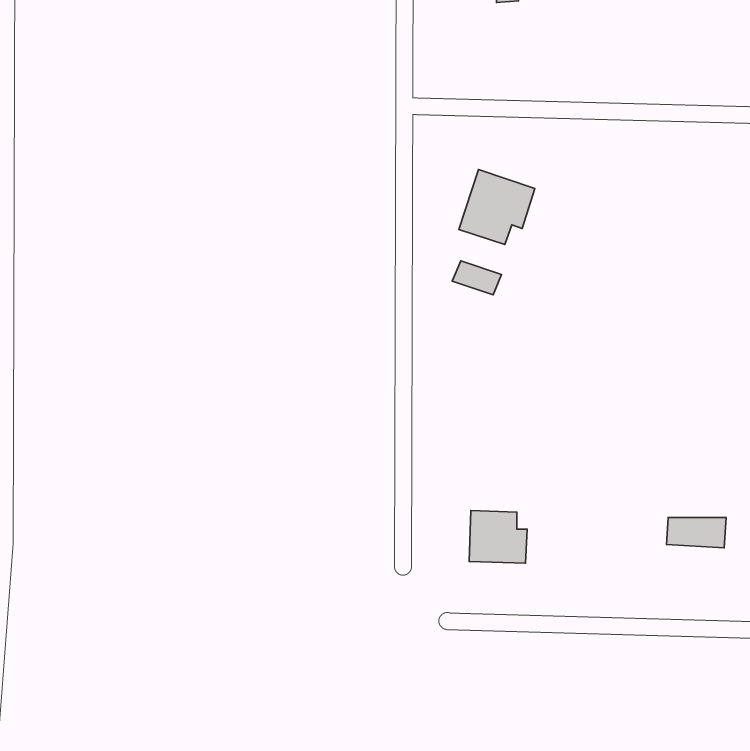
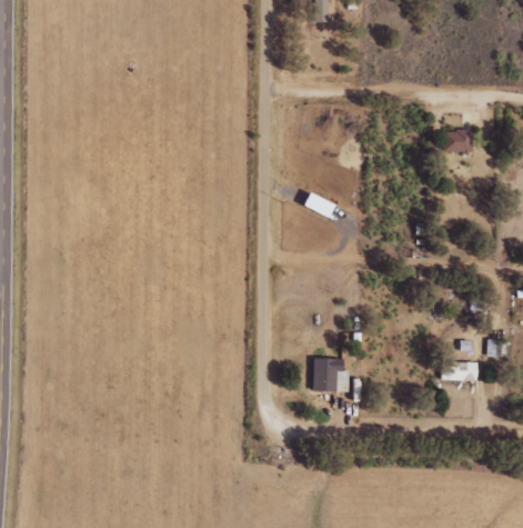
building: none -> [443,129,473,151]
building: [459,170,535,245] -> none

